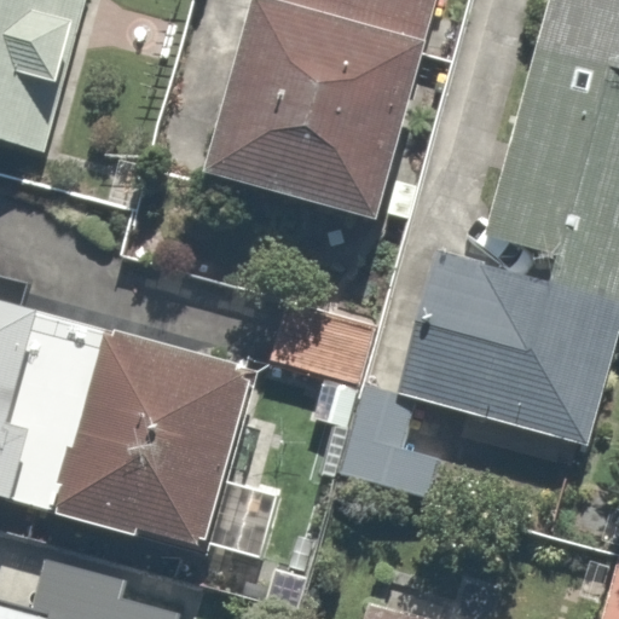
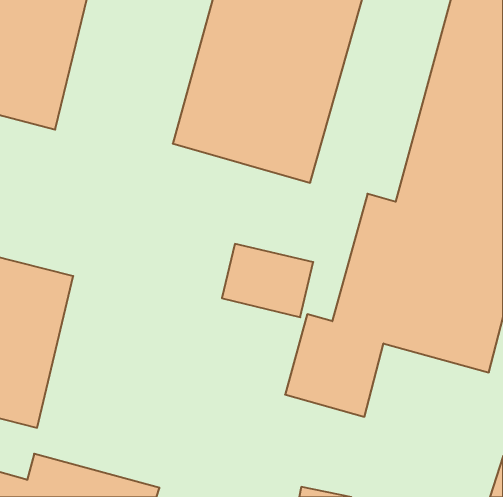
building: [69,345,261,549] -> none

